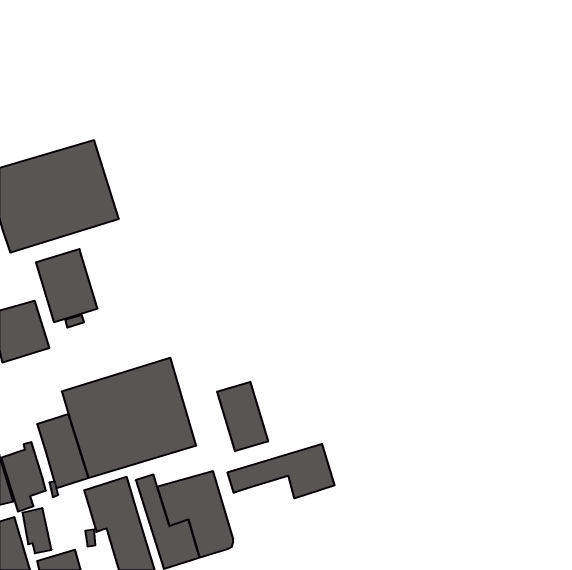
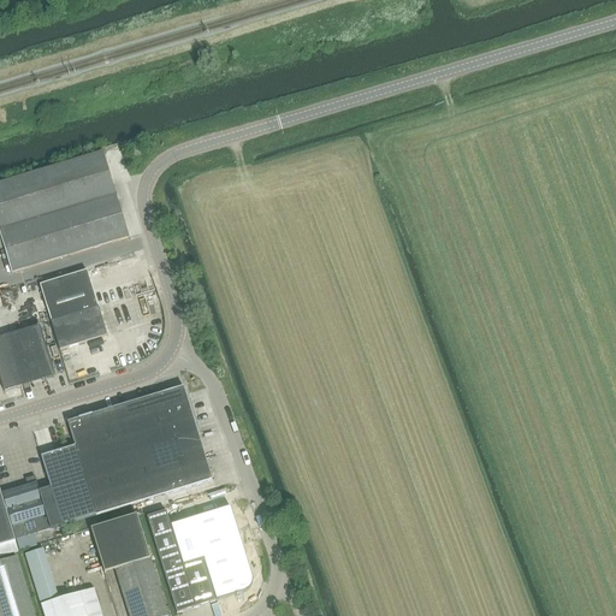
building: [217,382,268,451] -> none
building: [228,444,335,498] -> none

